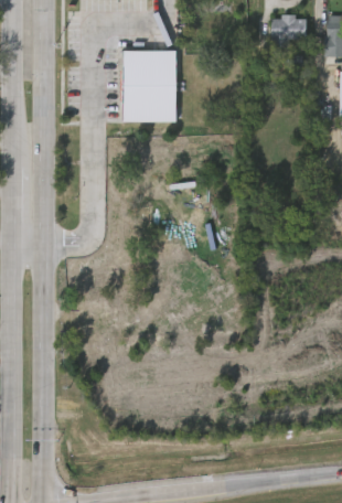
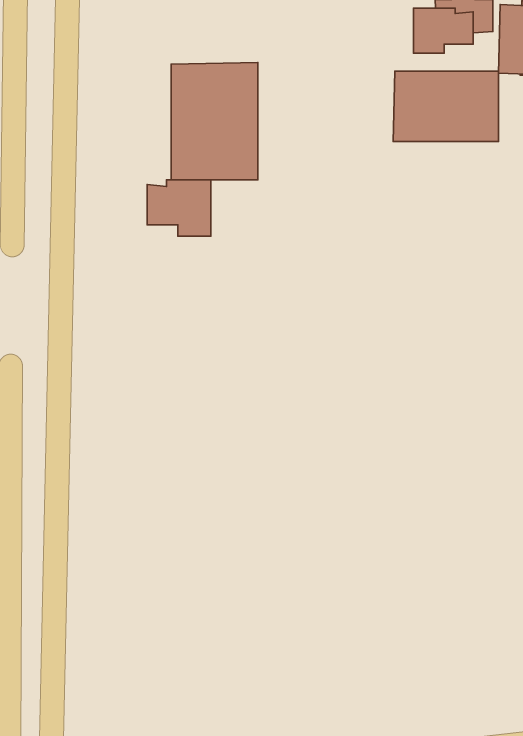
building: none -> [393,71,498,141]
building: none -> [147,180,211,236]

